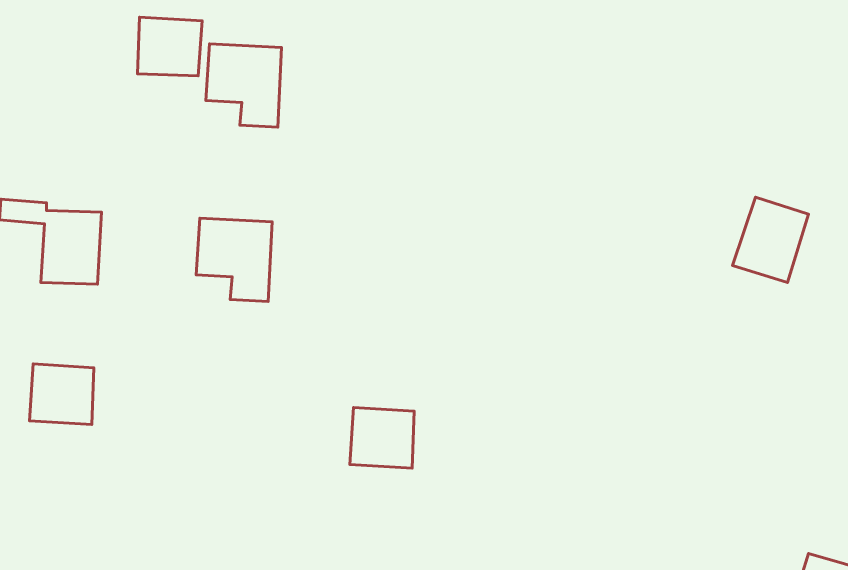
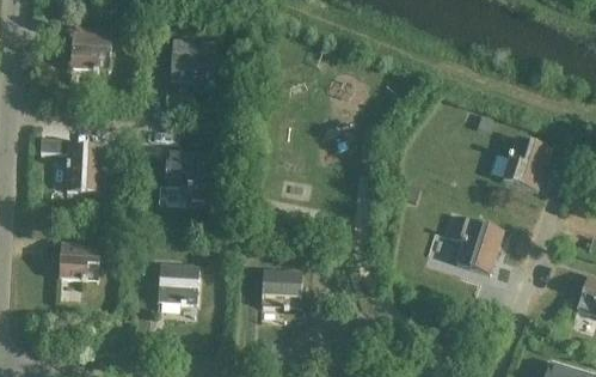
building: [138,17,202,76] -> [70,32,111,69]
building: none -> [448,214,503,273]
building: none -> [158,264,198,303]

